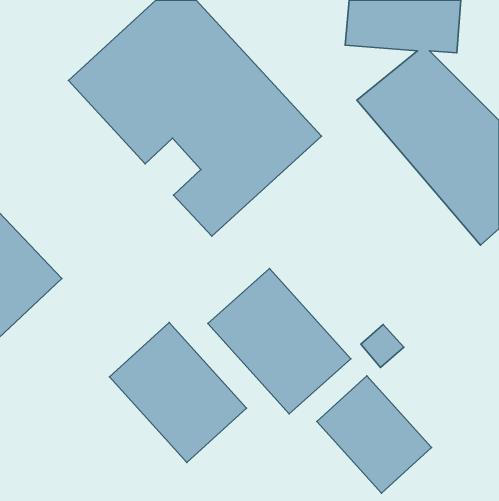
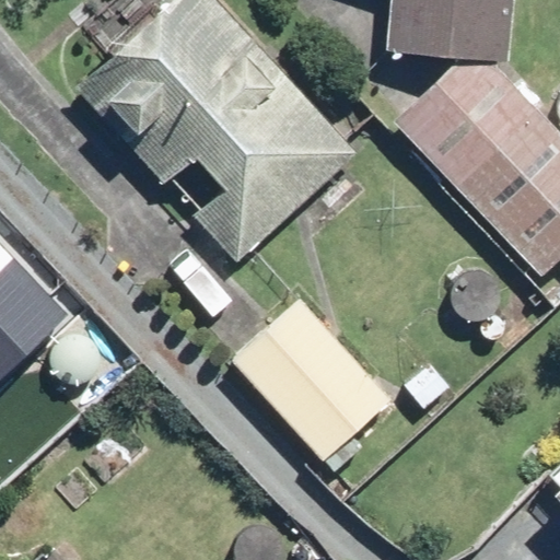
building: [110,322,246,463] -> none
building: [317,376,431,493] -> none

